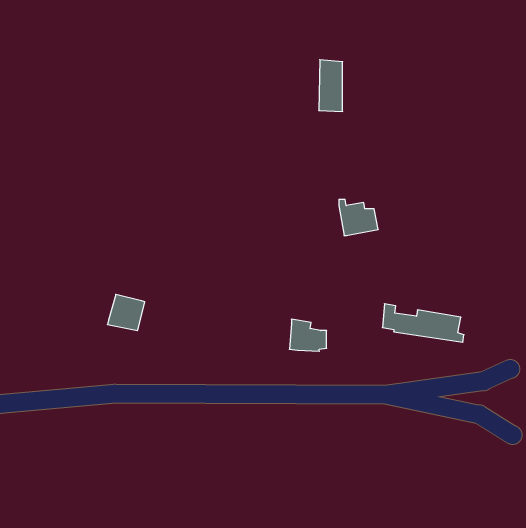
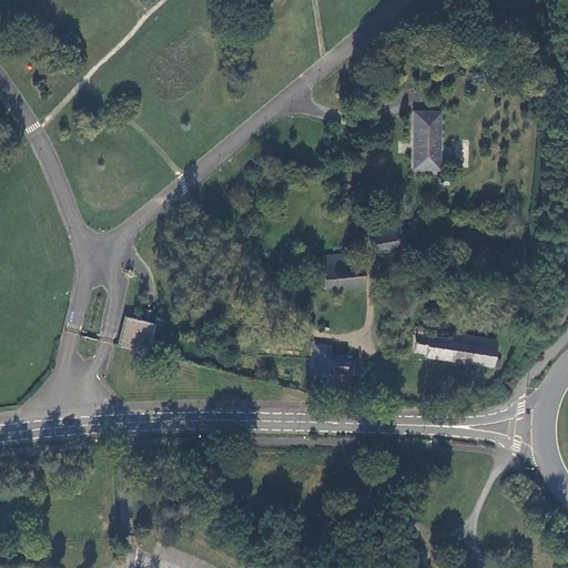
building: [319,60,343,111] -> [414,113,439,169]
building: none -> [320,254,365,290]

